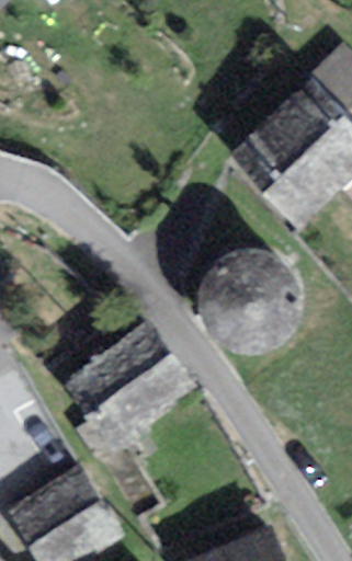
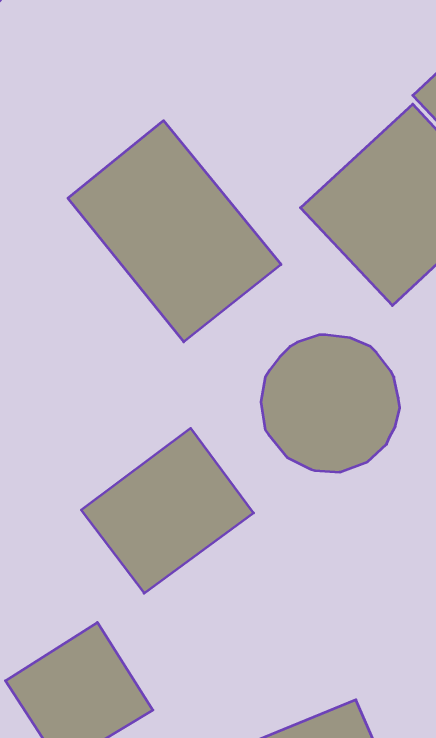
building: none -> [68,121,281,342]

